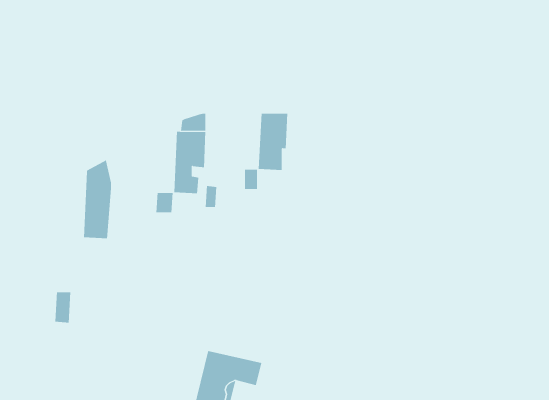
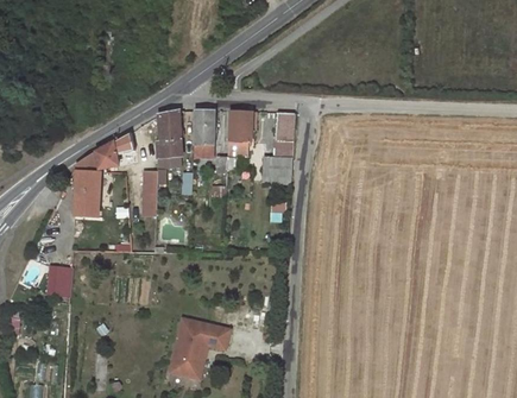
building: none -> [193,109,215,159]
building: none -> [263,112,294,185]
building: none -> [95,137,127,171]

